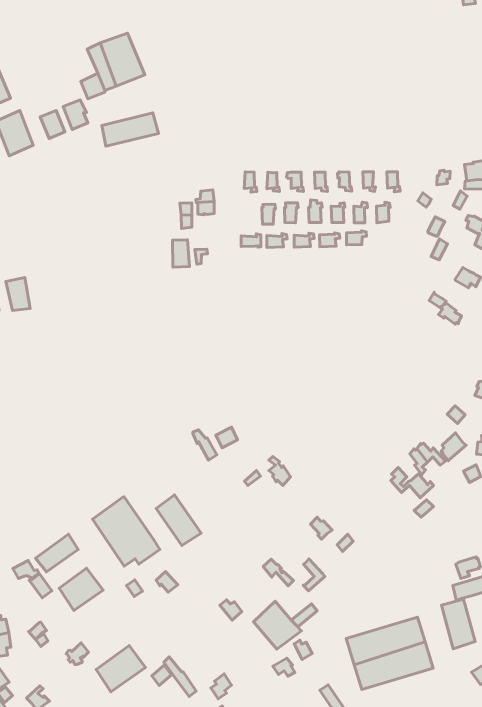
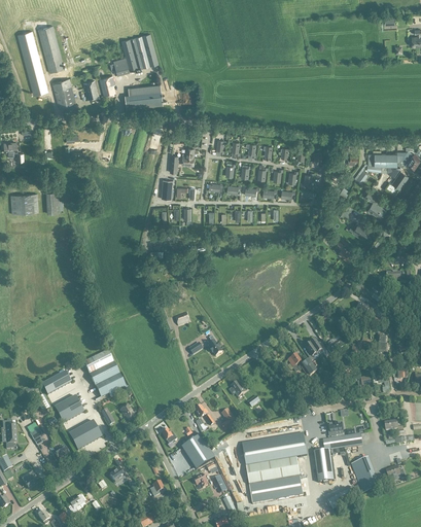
building: [156,495,201,546] -> none
building: none -> [242,432,307,466]
building: [96,646,146,692] -> [68,420,102,450]

